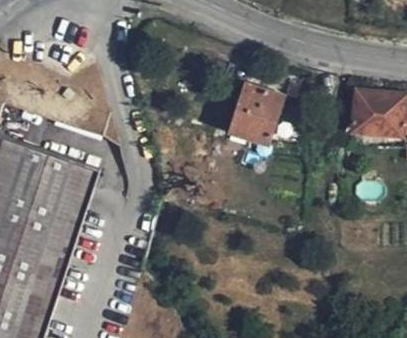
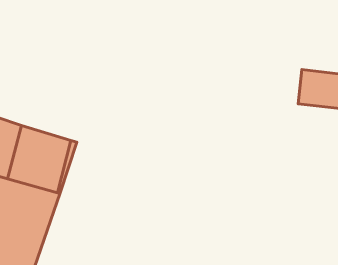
building: [229,82,283,143] -> none

